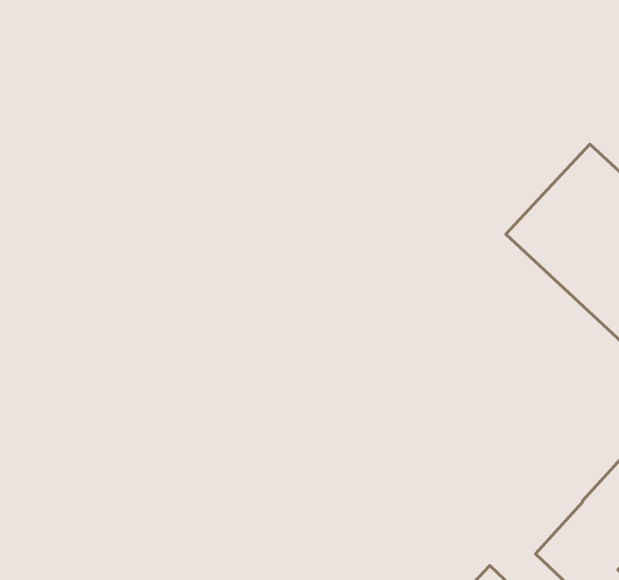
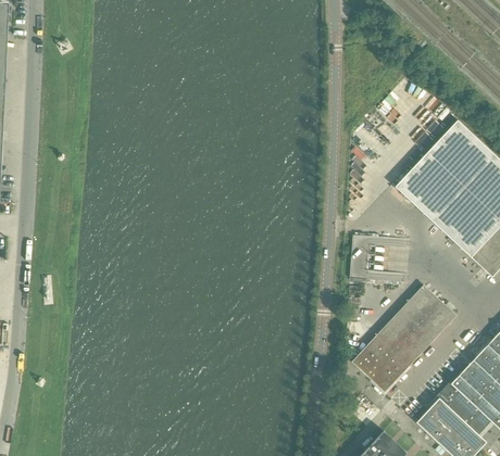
building: none -> [351,284,457,393]

